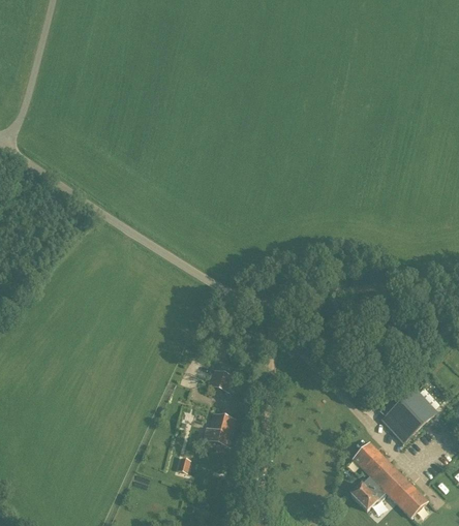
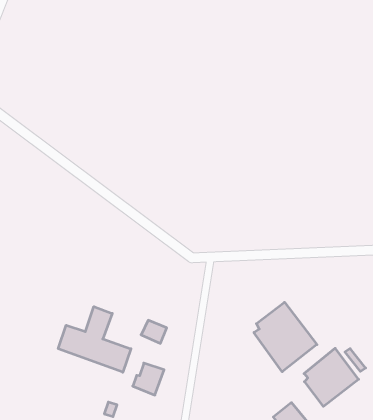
building: none -> [254,302,317,372]
building: none -> [58,307,131,372]

